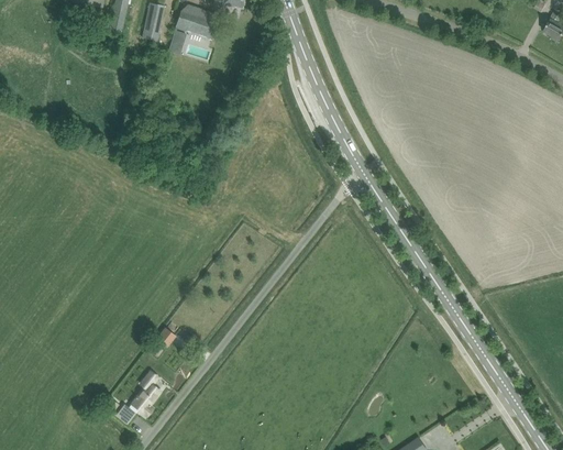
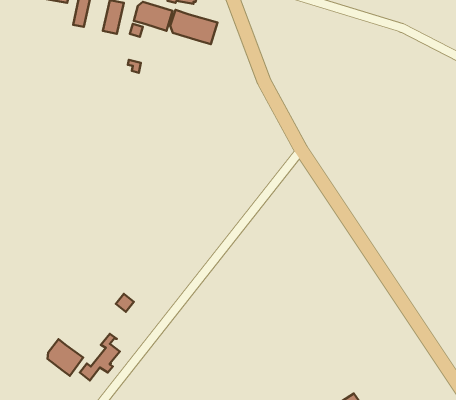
building: none -> [170,10,218,44]
building: none -> [47,339,83,376]

